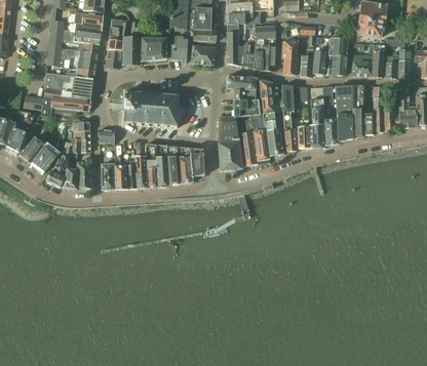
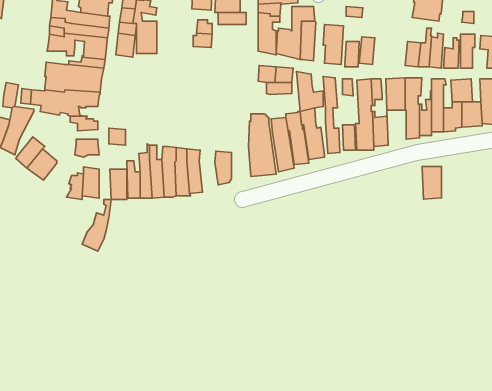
building: [141,37,167,62] -> none
building: [327,37,349,75] -> none
building: [191,40,217,65] -> none
building: [123,89,182,126] -> none
building: [234,98,261,117] -> none
building: [337,113,353,140] -> [422,167,442,199]
building: [47,141,72,186] -> [82,199,111,251]
building: [177,147,193,182] -> none

